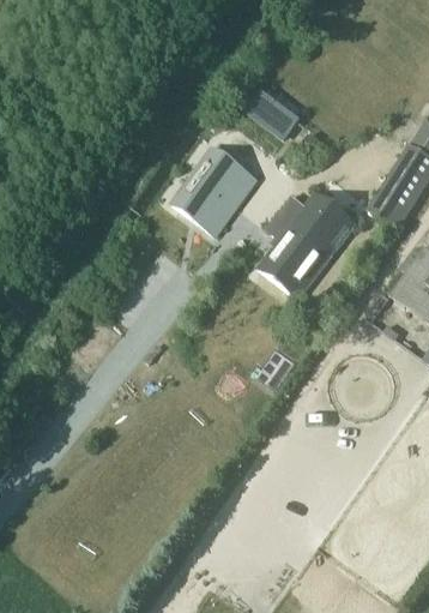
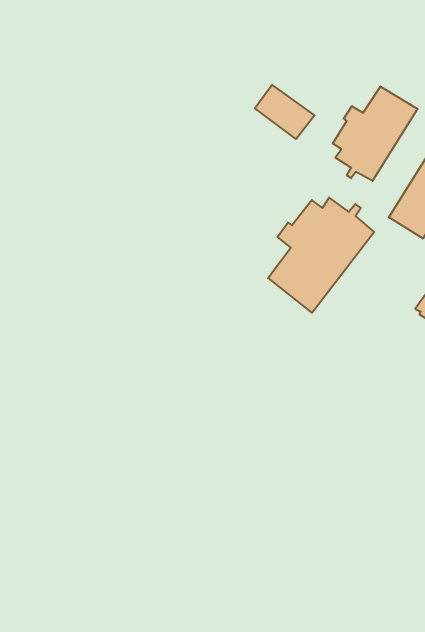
building: none -> [333,86,418,181]
building: [174,148,254,232] -> none

